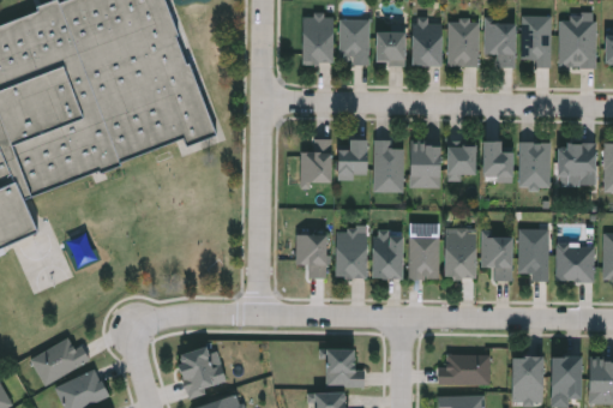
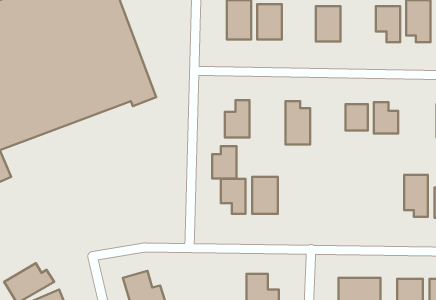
building: [449,22,479,66] -> none
building: [375,32,405,64] -> none
building: [336,139,366,179] -> [212,146,237,179]
building: [409,143,441,186] -> none
building: [521,143,551,186] -> none
building: [444,232,474,278] -> none
building: [369,235,401,278] -> none
building: [409,235,438,280] -> none
building: [481,236,511,281] -> none

